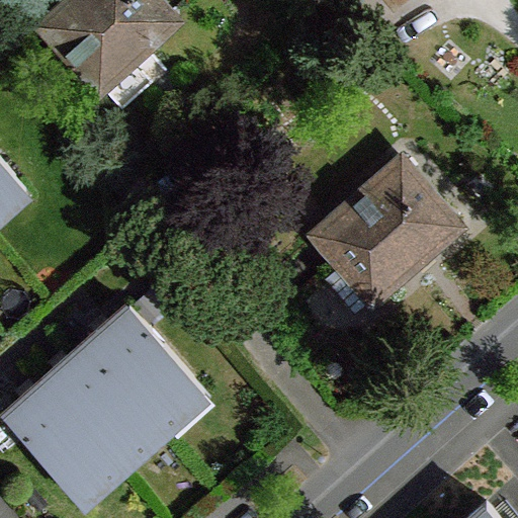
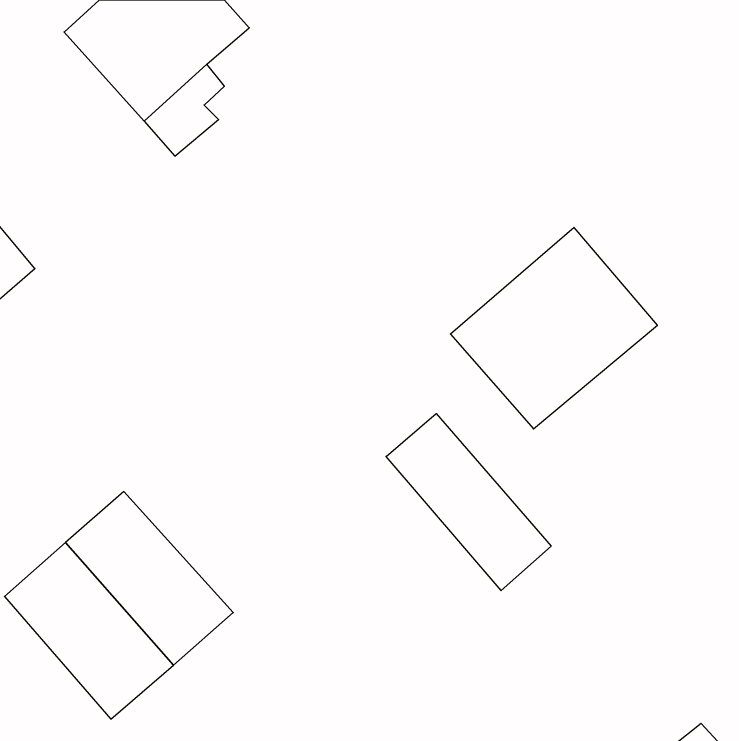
building: none -> [386,414,551,591]
building: [86,307,202,428] -> none

